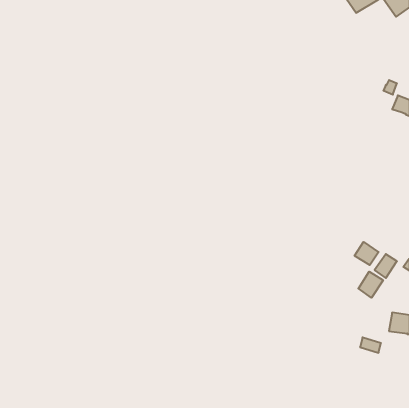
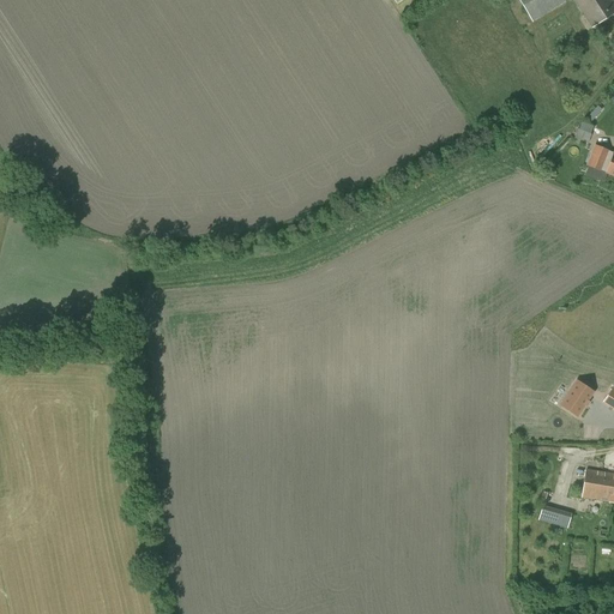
building: [355,242,379,265] -> none
building: [358,272,383,298] -> none

